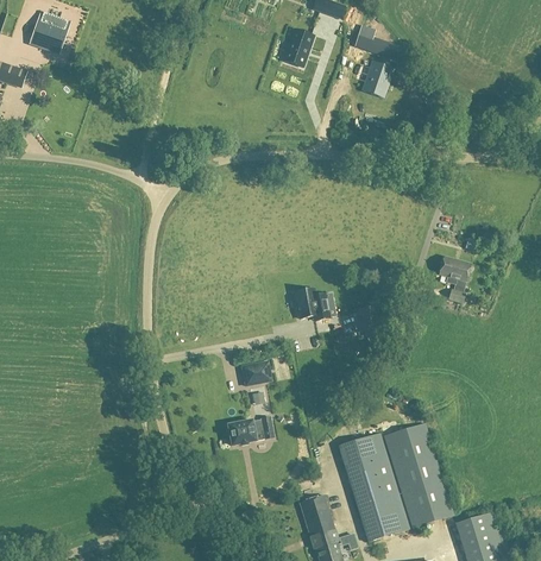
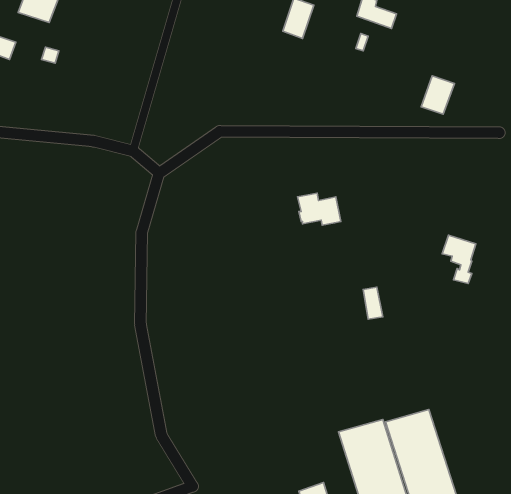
building: [360,61,392,97] -> [421,76,454,114]
building: [294,288,335,319] -> [298,193,341,225]
building: [240,359,272,386] -> none
building: [227,416,272,445] -> none

